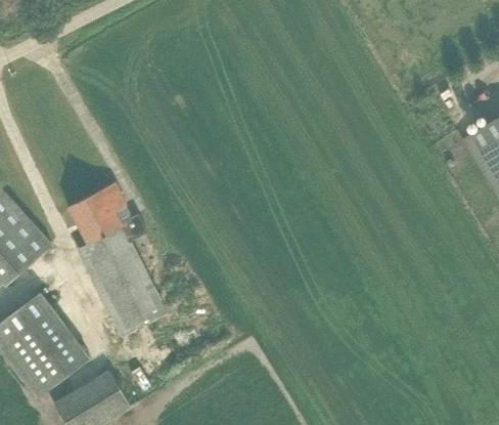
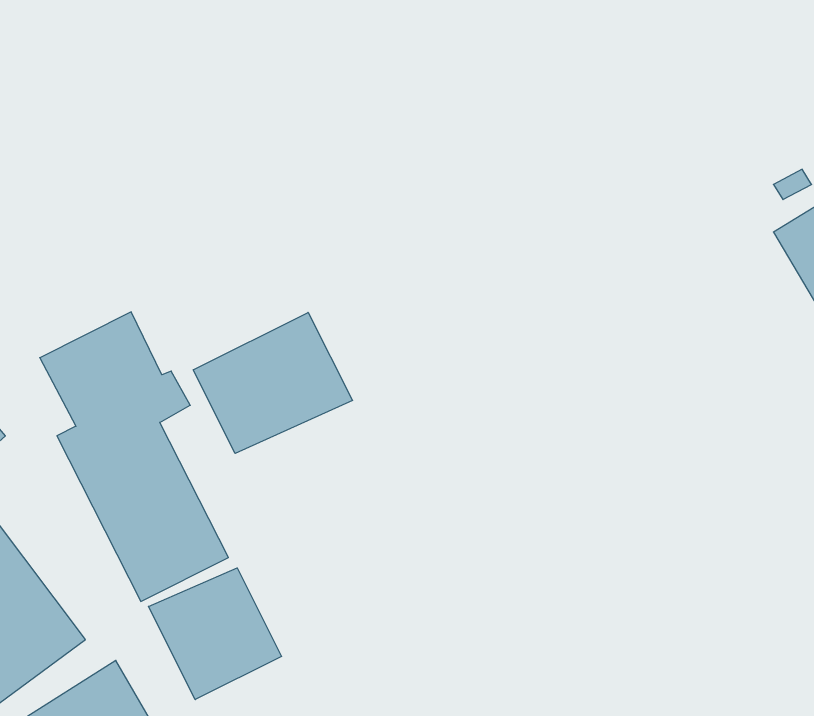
building: none -> [193,312,353,453]
building: none -> [148,568,282,700]

